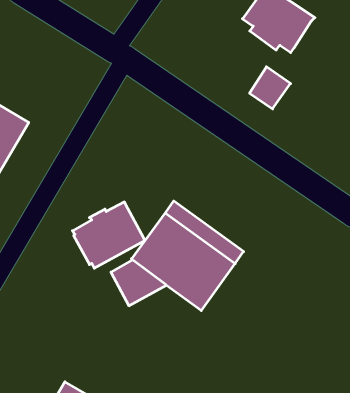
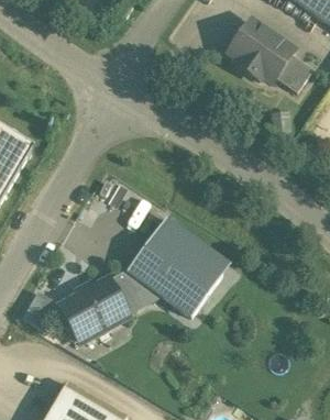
building: [250,67,291,109] -> [275,52,312,90]
building: [72,202,145,268] -> [59,278,125,339]

